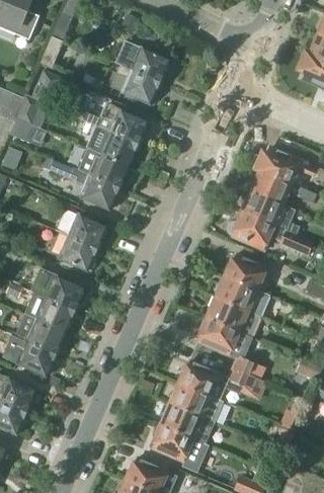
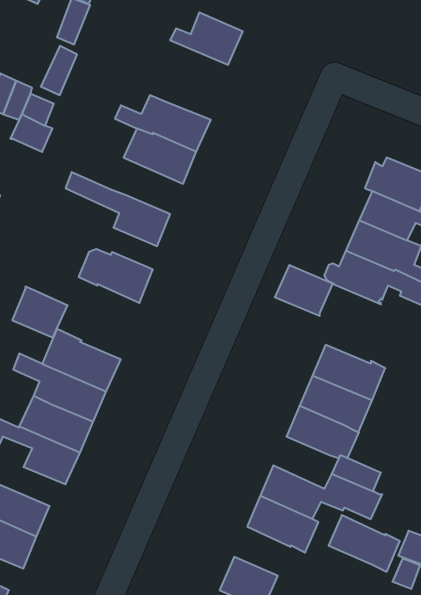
building: [110,65,160,103] -> none
building: [78,147,129,186] -> none
building: [60,235,98,270] -> [12,287,68,337]
building: [228,255,268,291] -> [275,265,333,316]
building: [164,404,214,443] -> [329,515,400,572]

